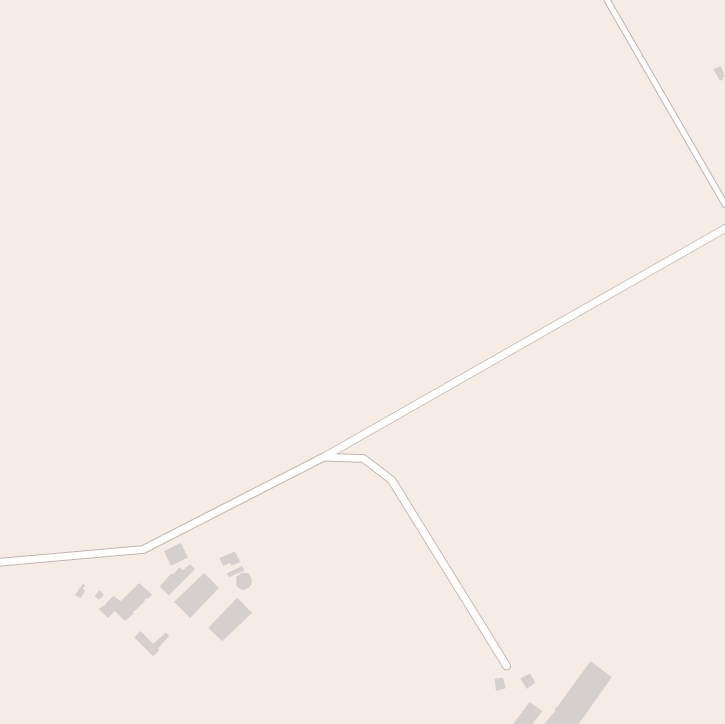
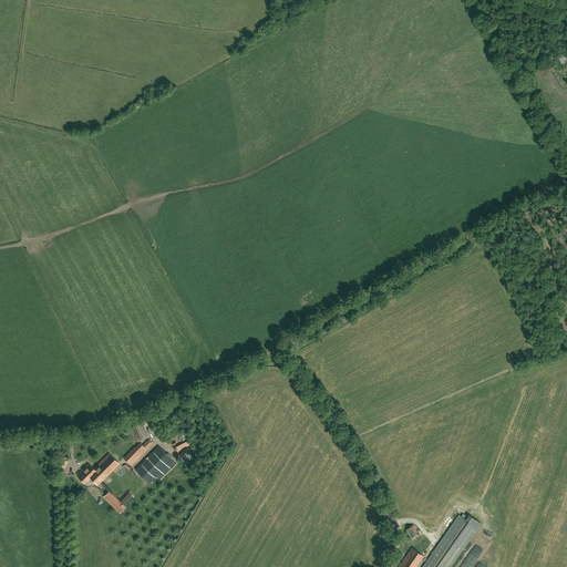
building: [208,597,253,642] -> none

